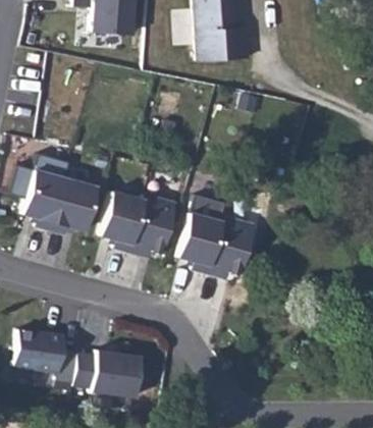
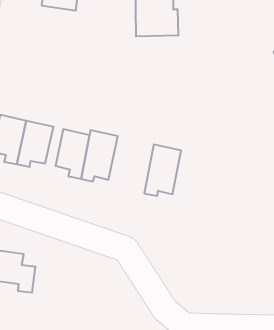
building: [175,203,215,263] -> none
building: [88,349,138,396] -> none

